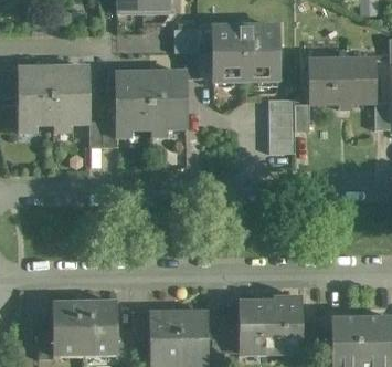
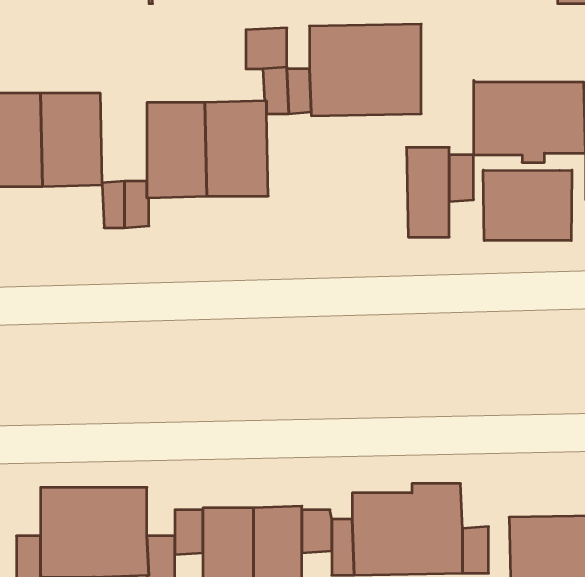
building: none -> [483,170,572,241]

